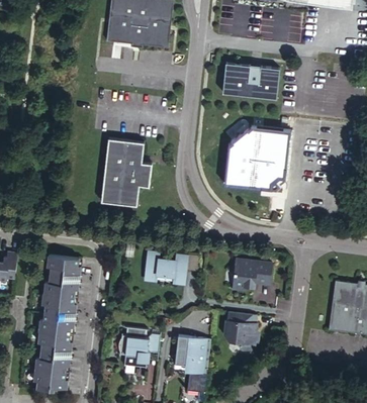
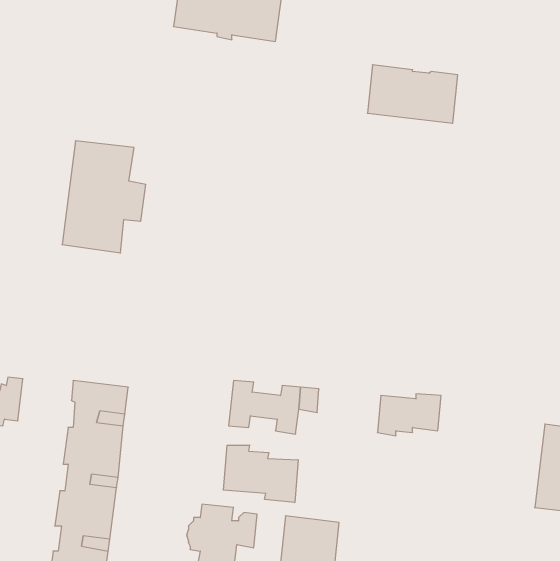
building: [226,126,291,189] -> none
building: [101,137,152,205] -> [62,141,146,253]
building: none -> [223,445,298,503]
building: [222,312,257,349] -> none

